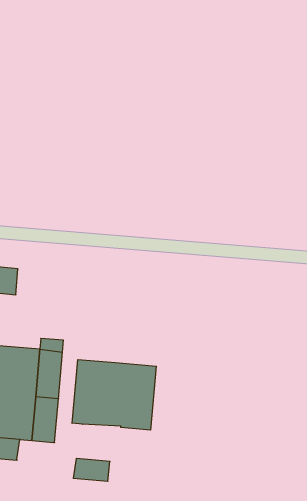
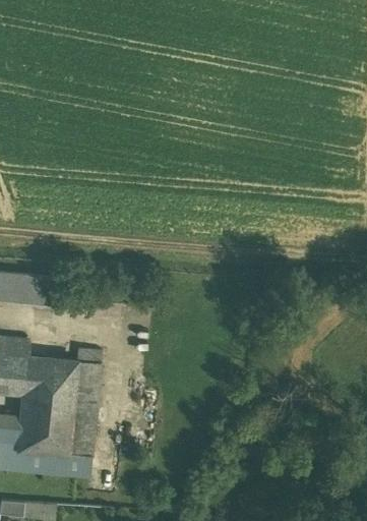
building: [72,360,156,430] -> none
building: [73,458,110,481] -> [53,454,90,477]

